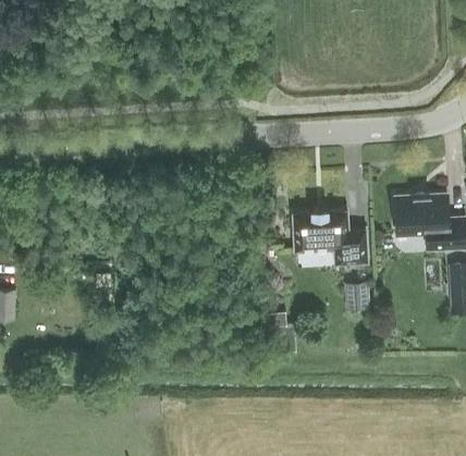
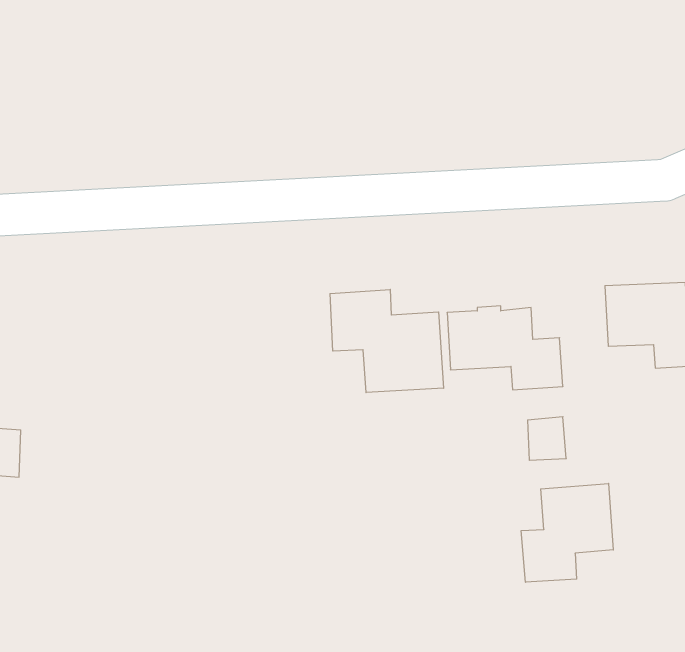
building: none -> [330,289,444,393]
building: none -> [521,483,613,582]

